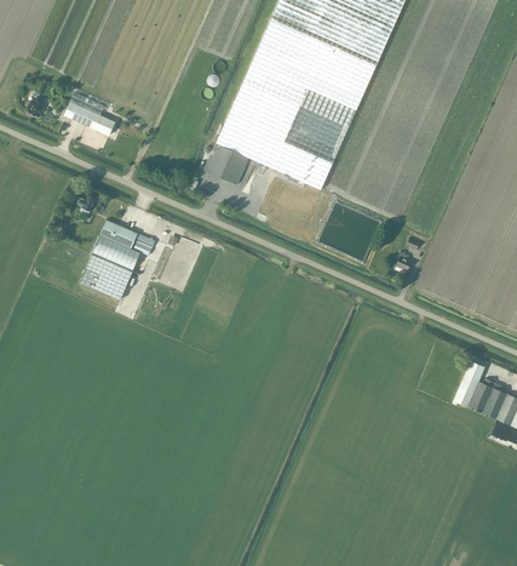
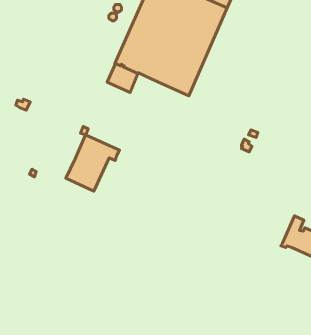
building: [64,92,116,135] -> none
building: [79,218,155,298] -> [66,135,120,191]

